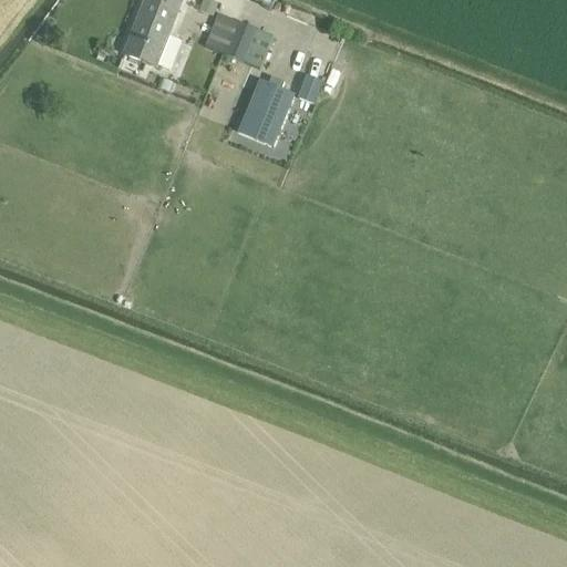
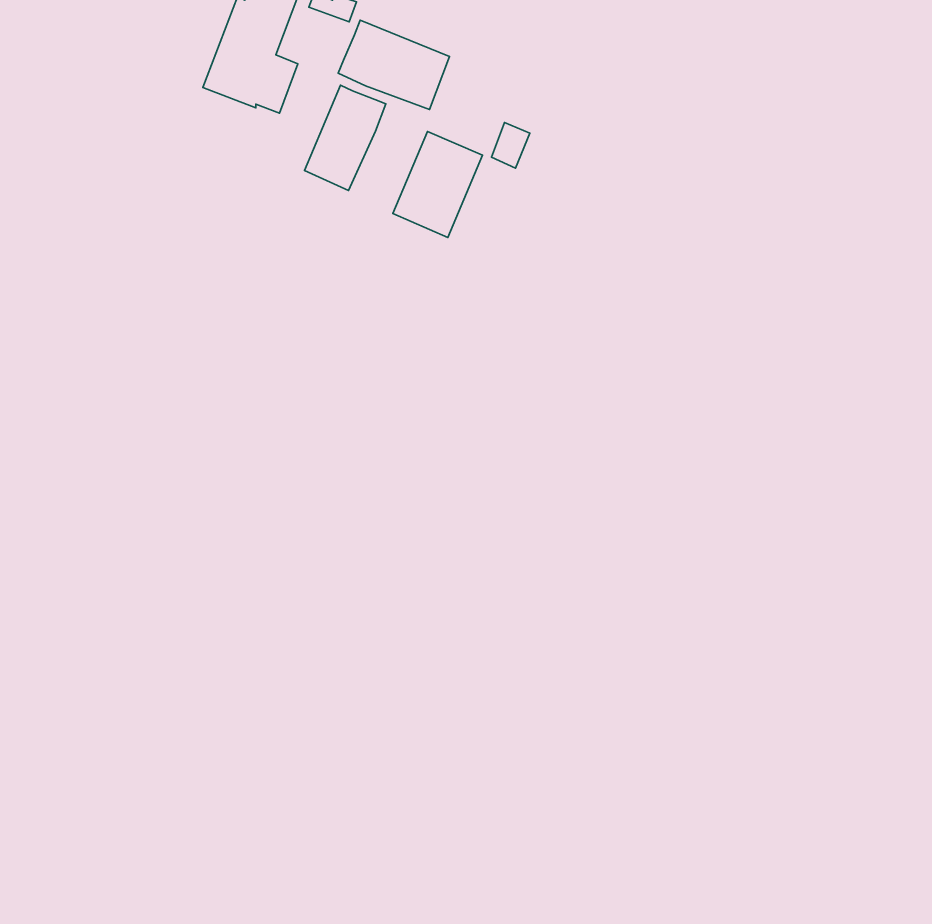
building: none -> [305,85,386,190]

